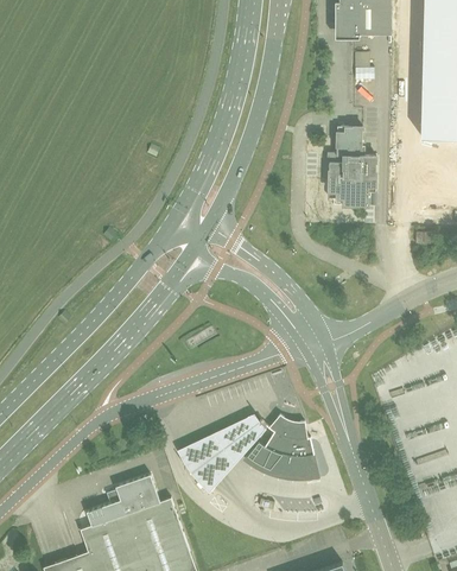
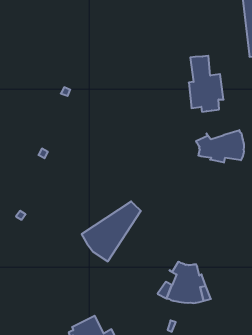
building: none -> [196,130,244,163]
building: [177,411,266,491] -> [82,201,141,261]

